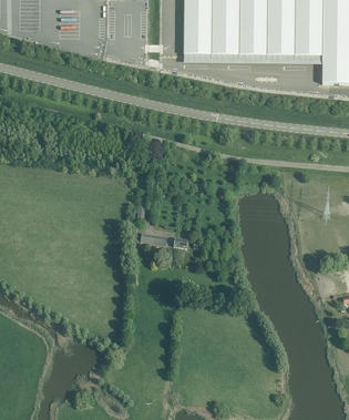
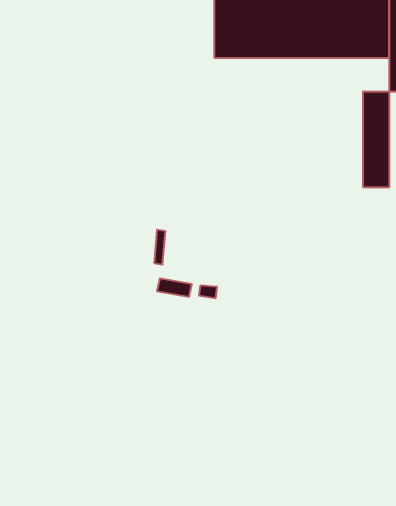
building: none -> [363,91,389,187]

